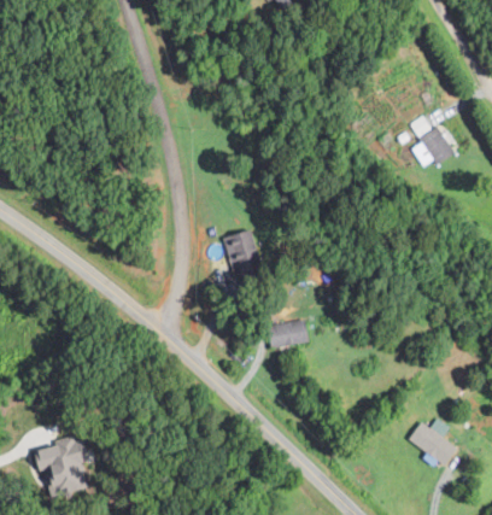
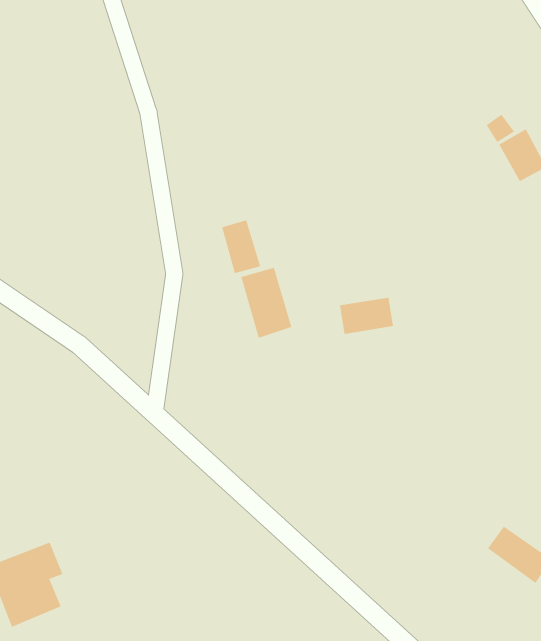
building: none -> [221,220,261,274]
building: [268,320,309,347] -> [339,297,394,334]

